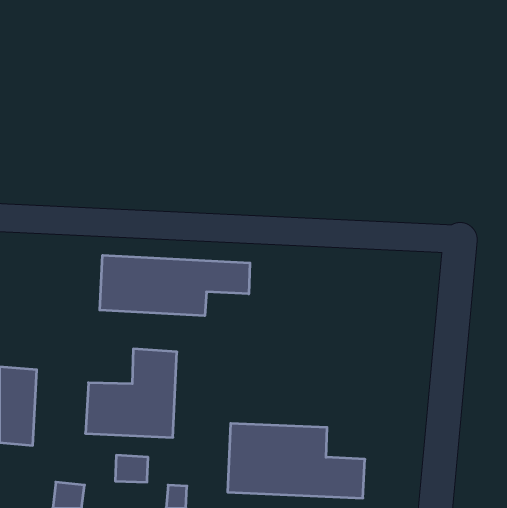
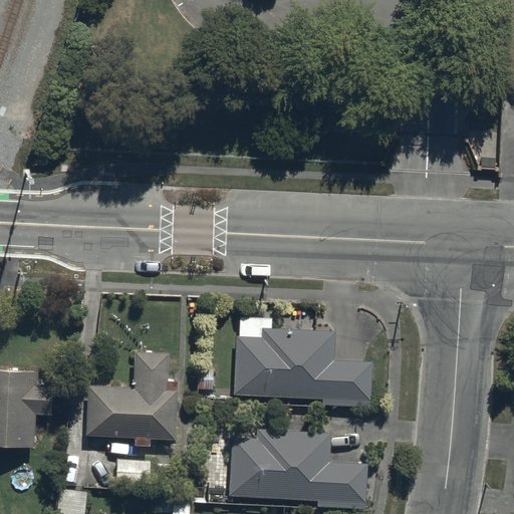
building: [100,255,250,316] -> none
building: none -> [234,329,371,403]

